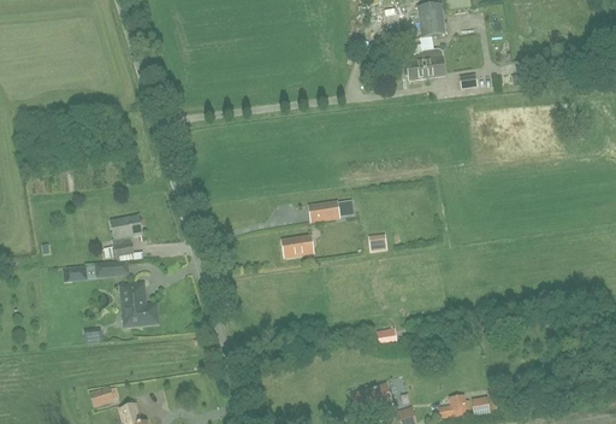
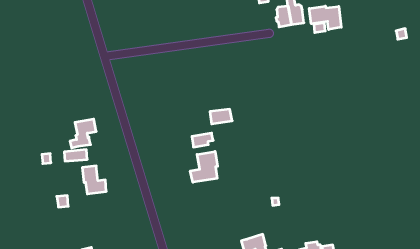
building: none -> [309,6,341,30]
building: none -> [190,151,218,182]

